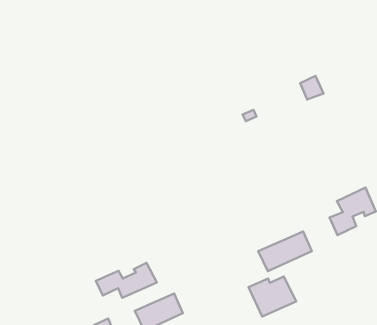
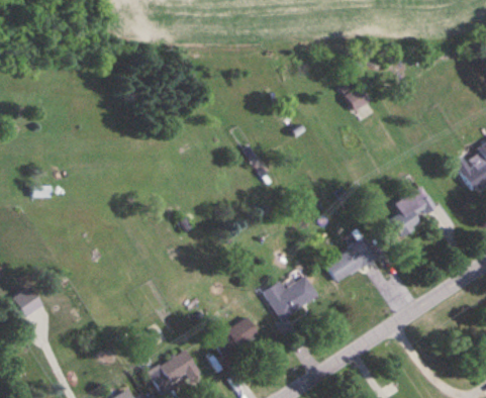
building: [96,263,157,298] -> none
building: [249,276,296,317] -> [264,278,312,320]

